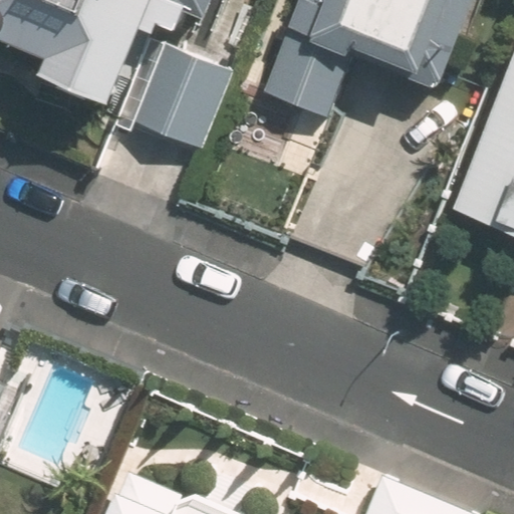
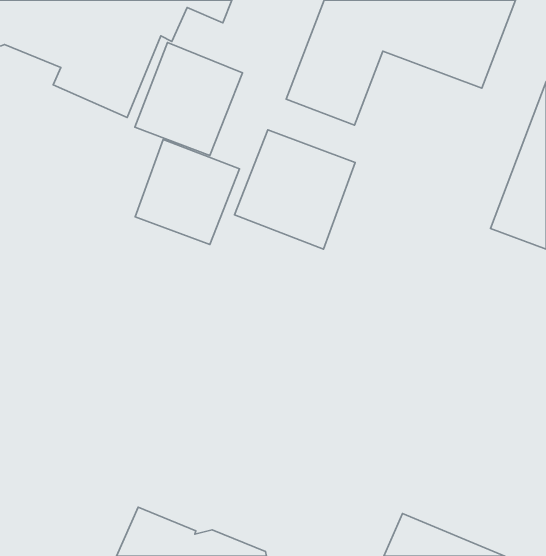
building: none -> [235,130,355,249]
building: none -> [135,140,240,245]

